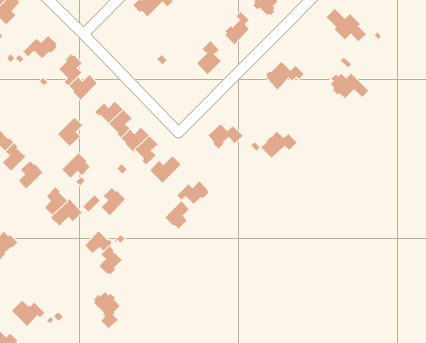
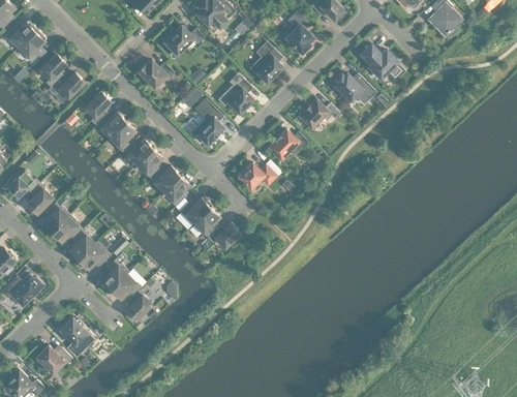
building: none -> [38,54,65,88]
building: none -> [138,60,174,88]
building: none -> [190,98,223,144]
building: [330,73,369,99] -> [335,73,375,100]
building: [57,117,83,147] -> [108,122,134,153]
building: [261,130,298,158] -> [269,129,307,158]
building: [61,152,90,179] -> [52,214,82,241]
building: [101,187,126,216] -> [102,259,128,289]
building: [164,201,190,230] -> [192,208,218,238]
building: [93,291,120,329] -> [60,317,88,357]

